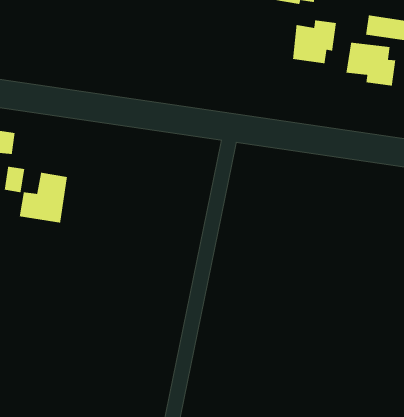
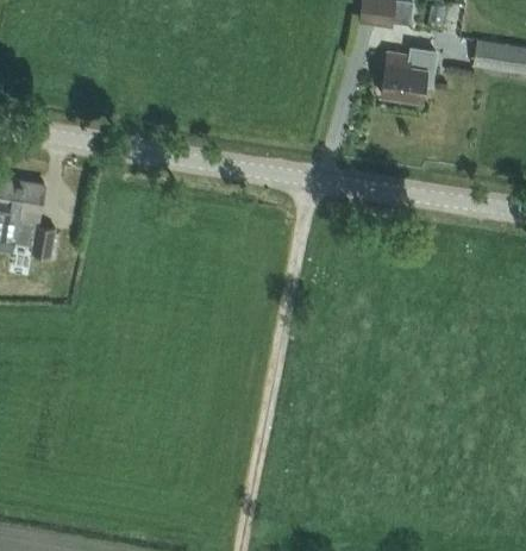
building: [345,42,396,86] -> none
building: [19,172,68,224] -> none

